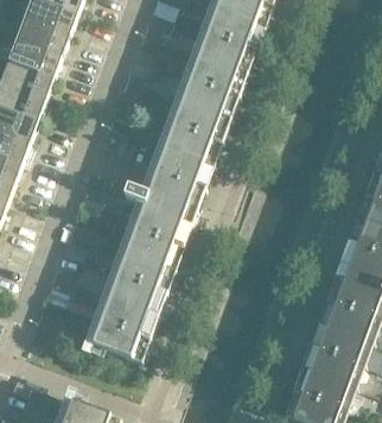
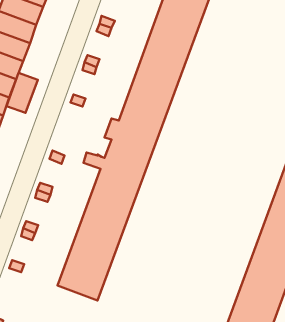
building: none -> [6,73,38,113]

